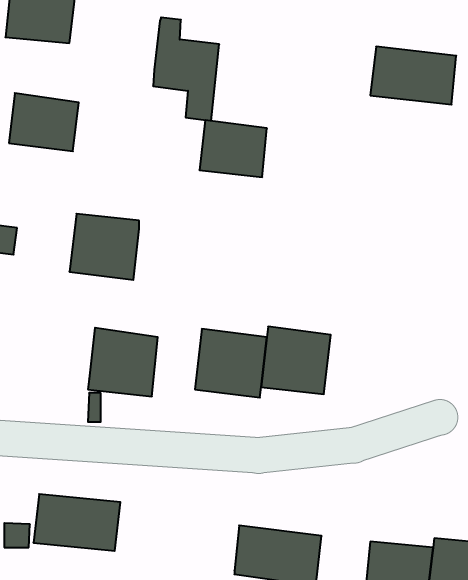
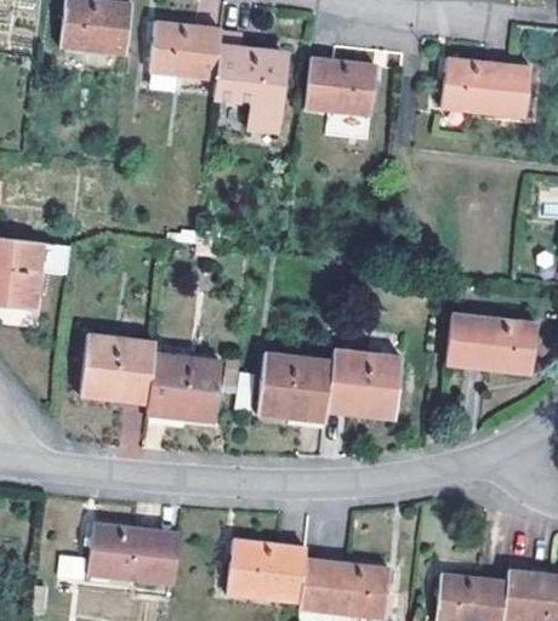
building: [9,93,79,151] -> [148,21,221,81]
building: [199,120,267,177] -> [304,57,375,116]
building: [69,214,139,280] -> [80,335,153,404]
building: none -> [446,314,535,374]
building: none -> [228,540,304,604]

